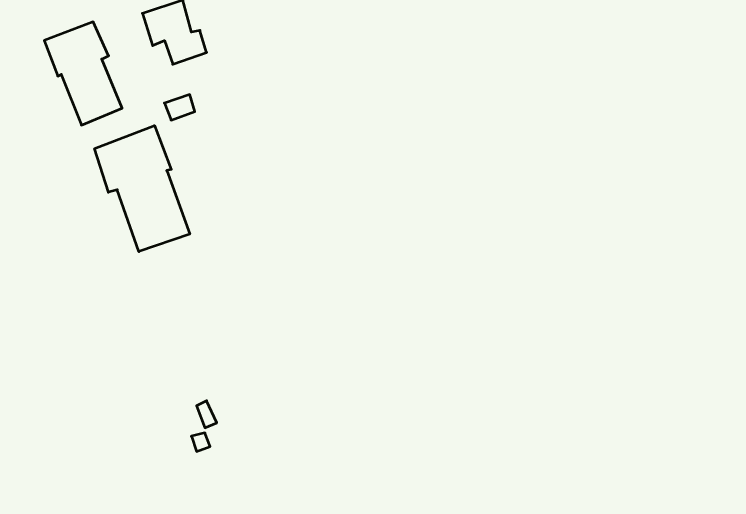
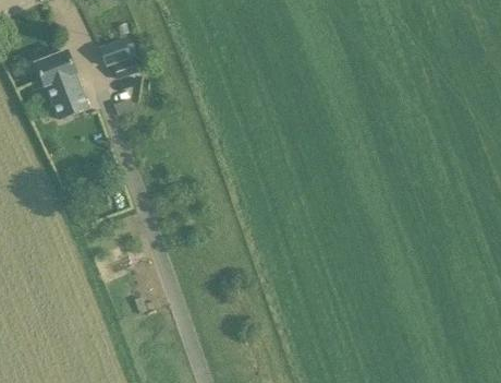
building: [95,126,190,252] -> none

